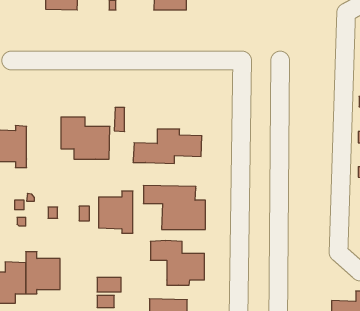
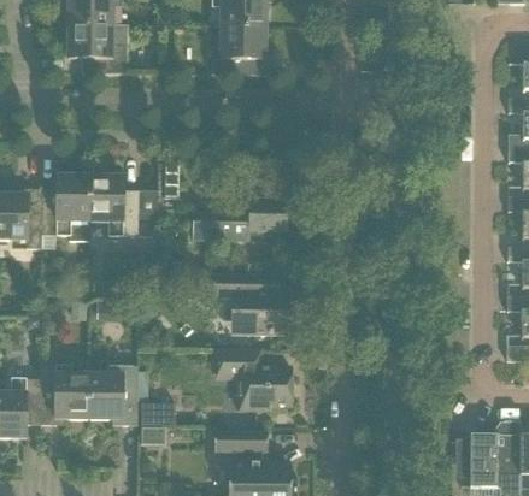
building: none -> [67,25,127,75]
building: none -> [211,26,270,76]
building: none -> [41,177,89,242]
building: [99,191,133,233] -> [88,367,136,426]

